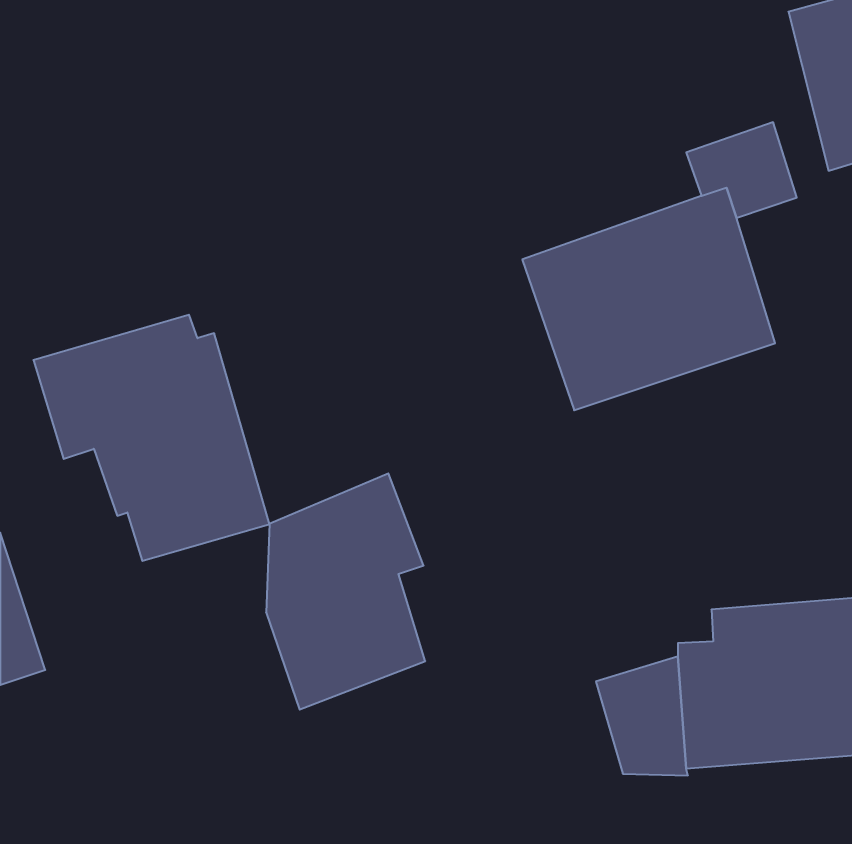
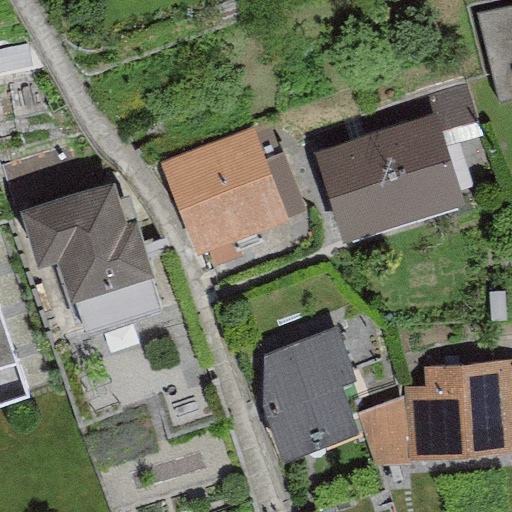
building: none -> [160,124,292,256]
building: [266,473,425,710] -> [263,326,358,467]

